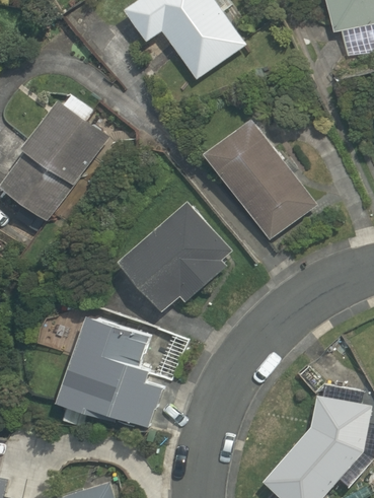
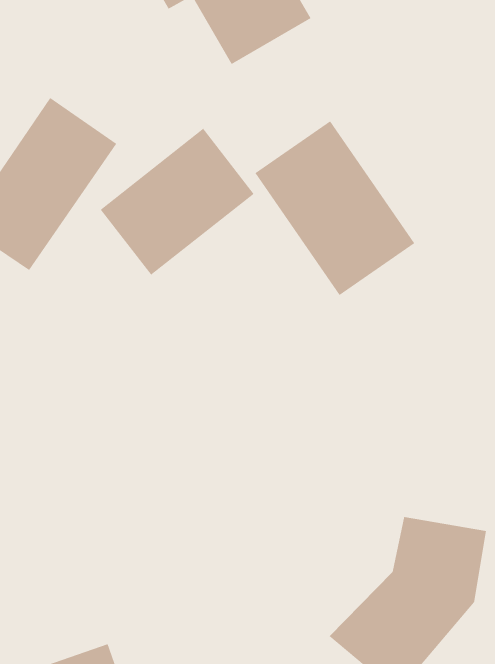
building: [122,205,229,307] -> [100,128,255,276]
building: [57,318,163,430] -> none

